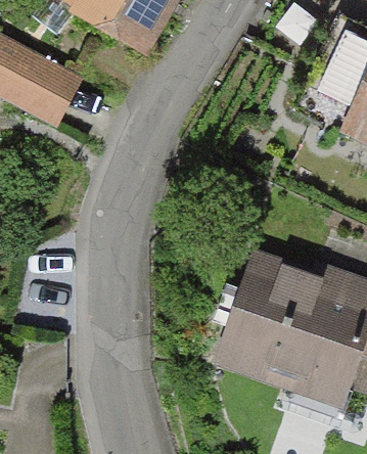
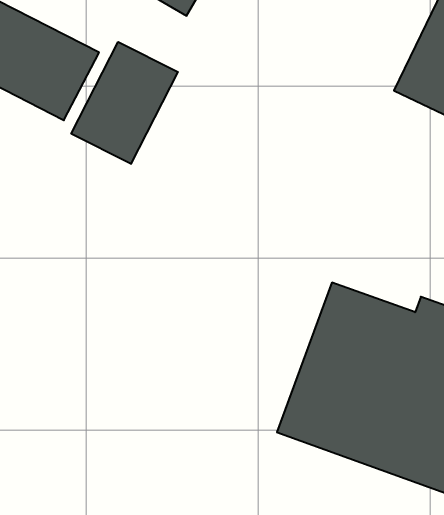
building: none -> [71,42,178,164]

